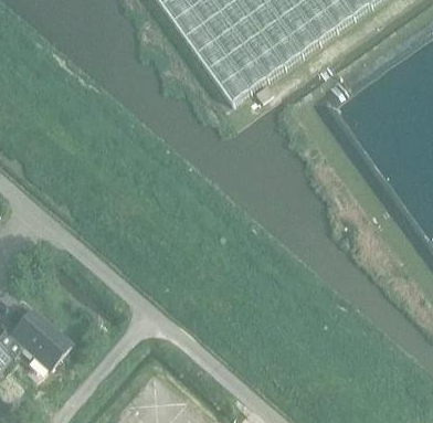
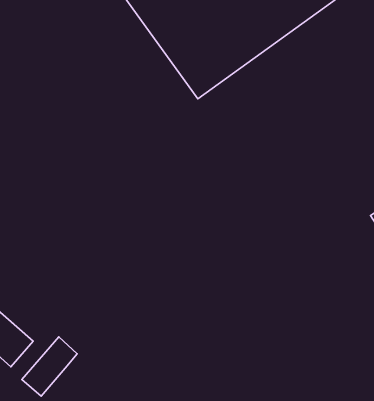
building: none -> [22,337,77,396]

